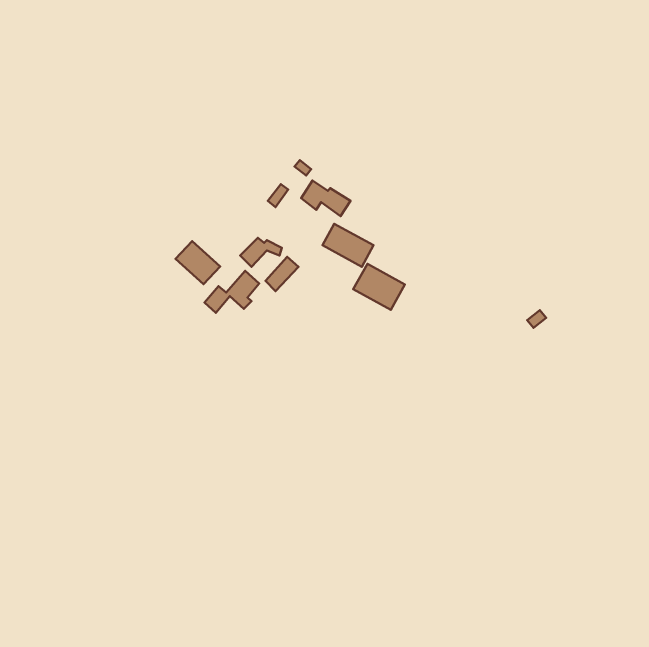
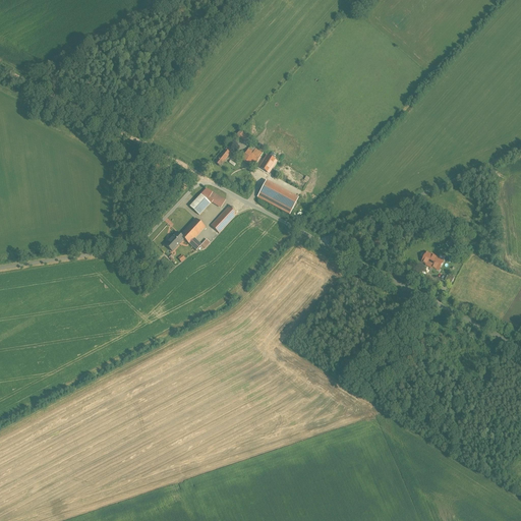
building: [176,241,220,284] -> none
building: [353,264,405,310] -> none

